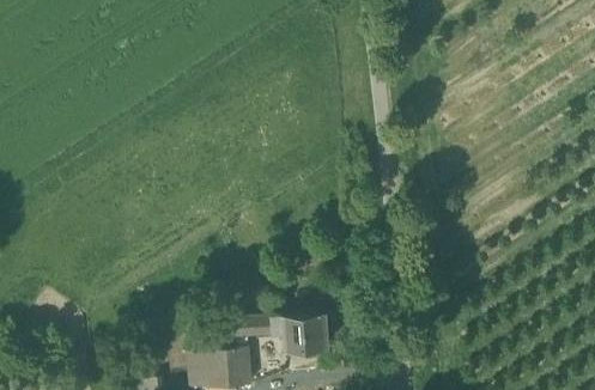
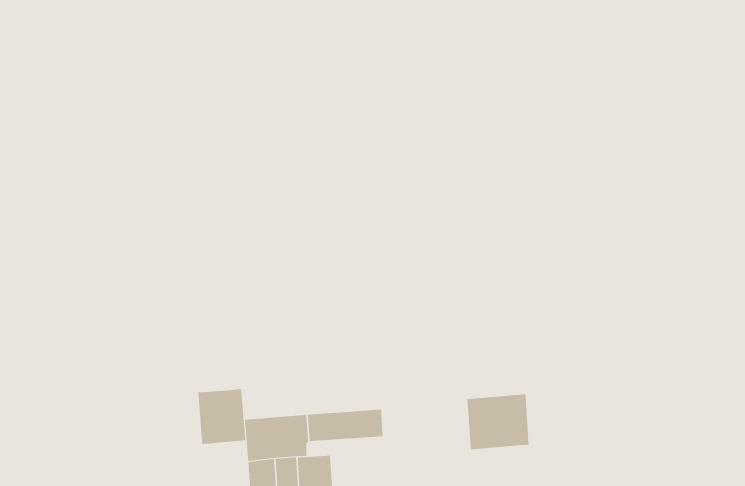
building: none -> [198,388,246,445]
building: [295,313,339,353] -> [467,394,529,450]

